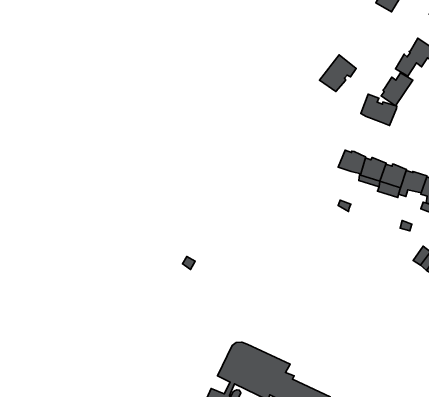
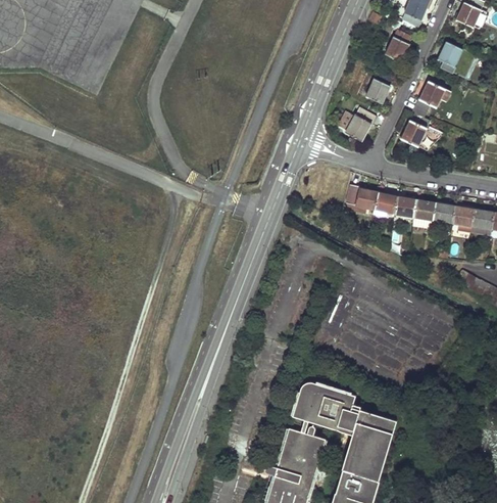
building: none -> [366,73,395,103]
building: [361,94,397,126] -> [346,184,378,210]

